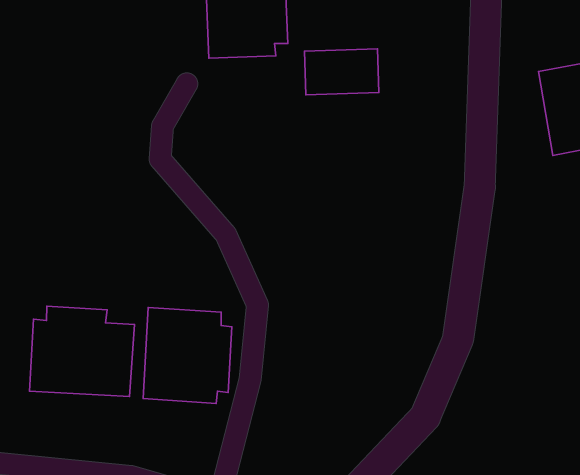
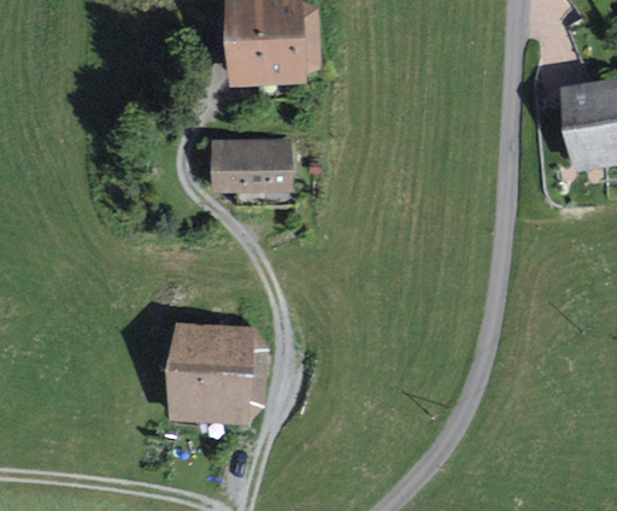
building: [305,49,379,95] -> [212,142,286,188]
building: [30,306,135,397] -> none

